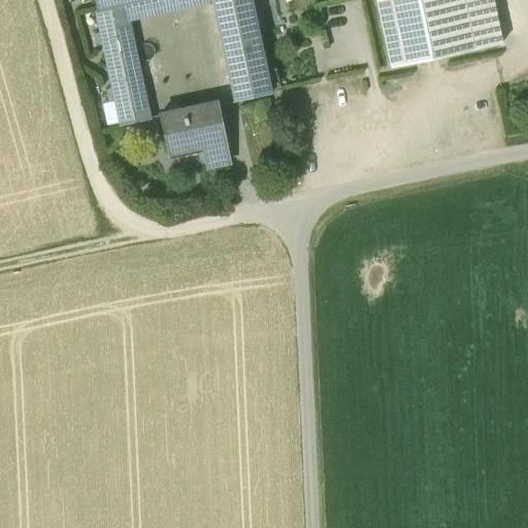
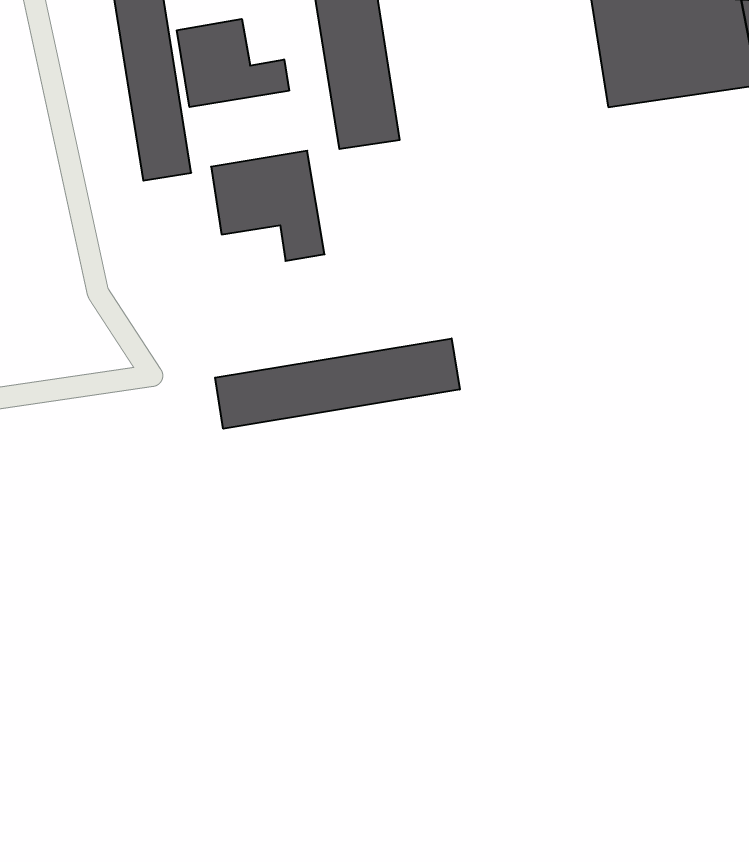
building: none -> [177,19,289,107]
building: none -> [215,338,460,429]

